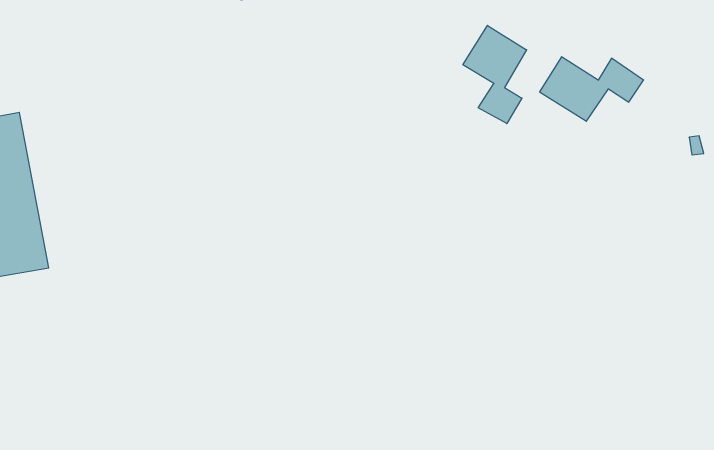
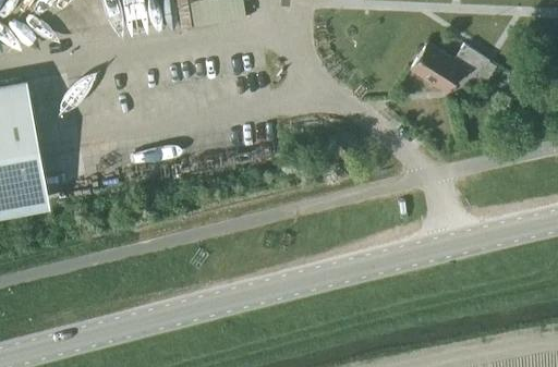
building: [463,25,527,124] -> none

